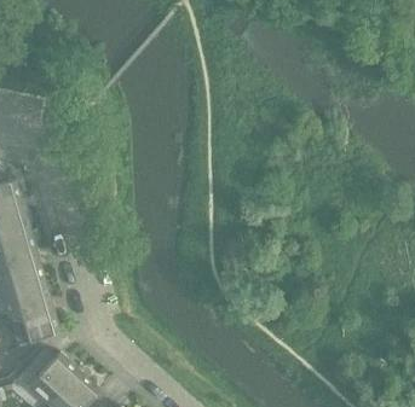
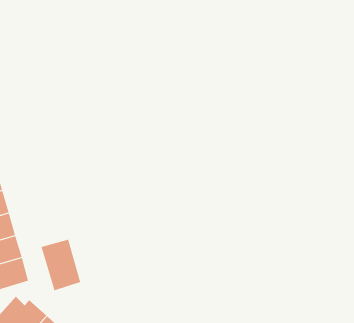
building: none -> [41,239,81,291]

